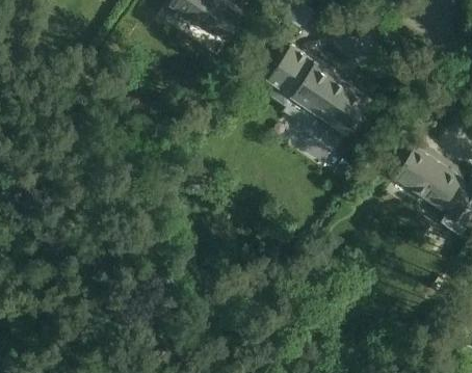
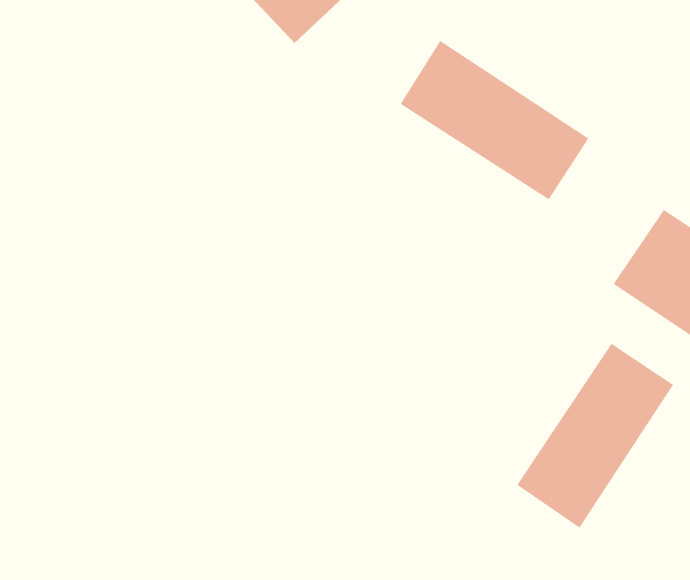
building: none -> [516,343,674,529]

